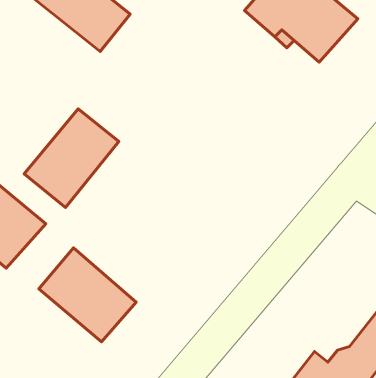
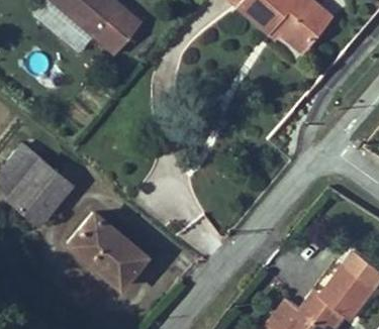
building: [24,109,119,208] -> none

